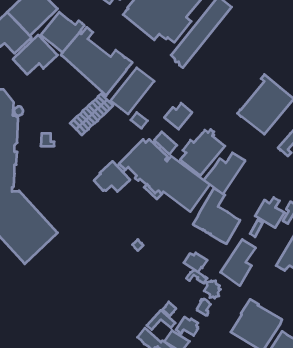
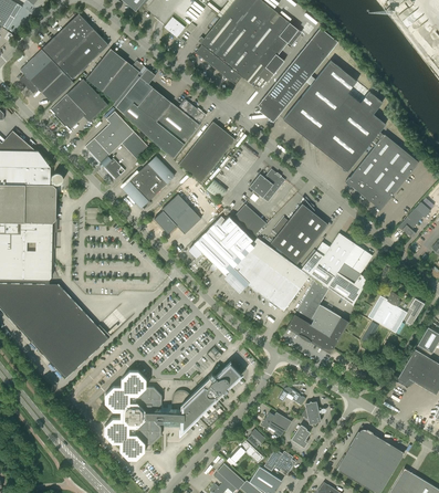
building: none -> [283,60,386,171]
building: none -> [85,111,149,179]
building: [94,161,130,192] -> [154,193,201,233]
building: [220,239,256,286] -> [326,244,373,305]
building: none -> [104,361,242,459]
building: [184,253,207,272] -> [261,411,292,437]

